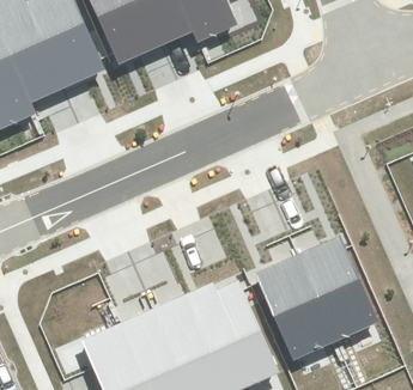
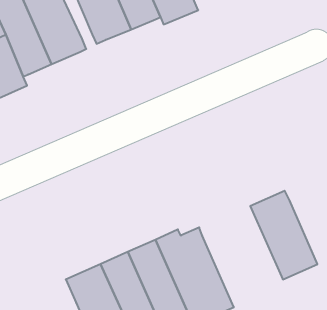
building: [255,254,336,359] -> none

